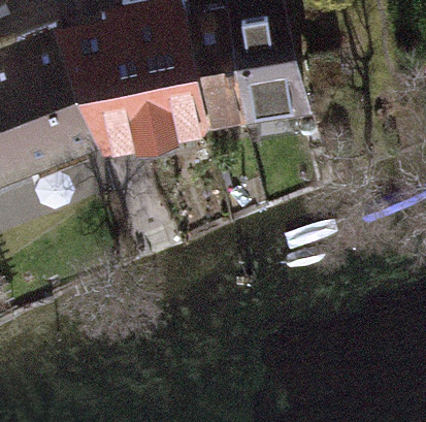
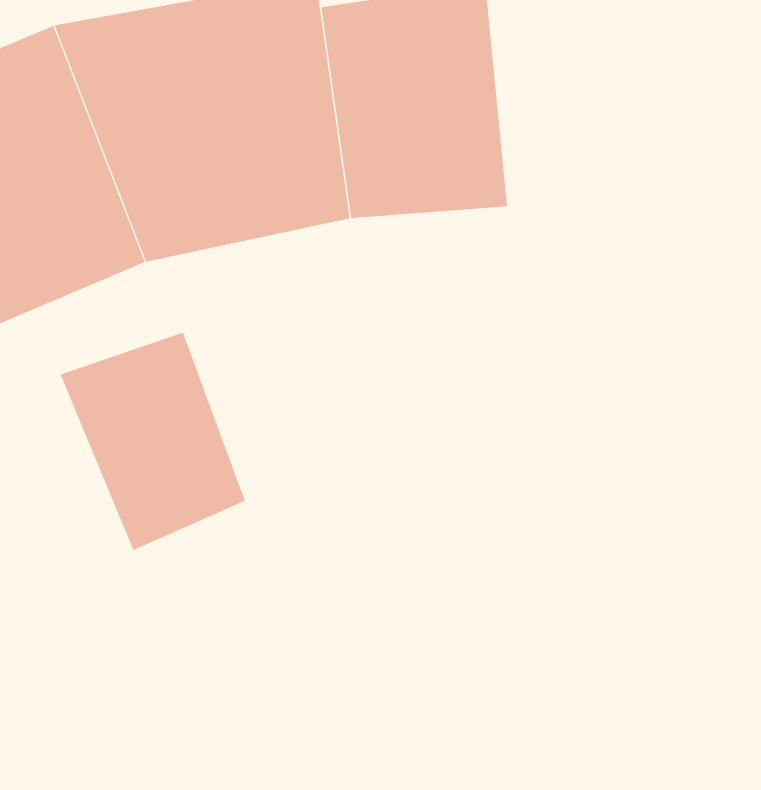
building: none -> [60,332,246,551]

